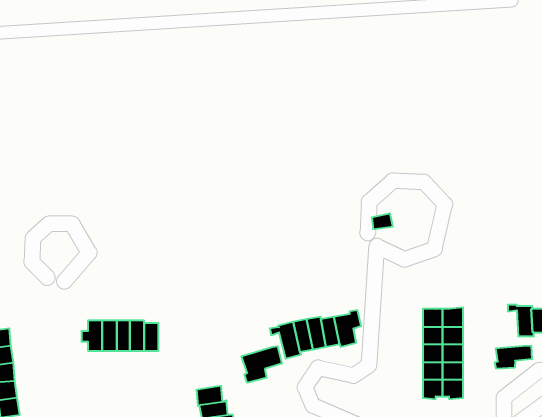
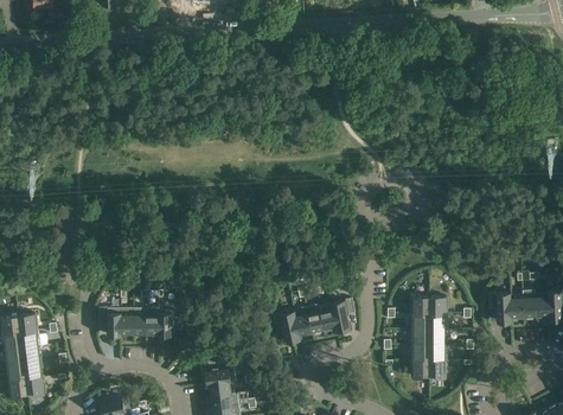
building: [495,346,532,369] -> none
building: [241,346,282,383] -> none

